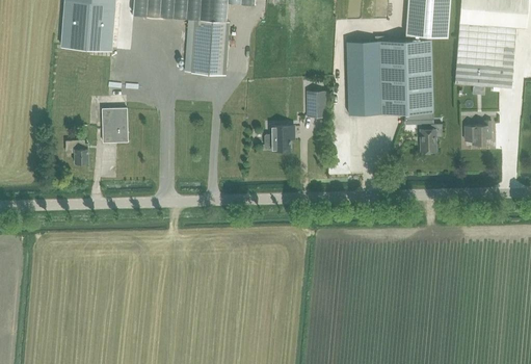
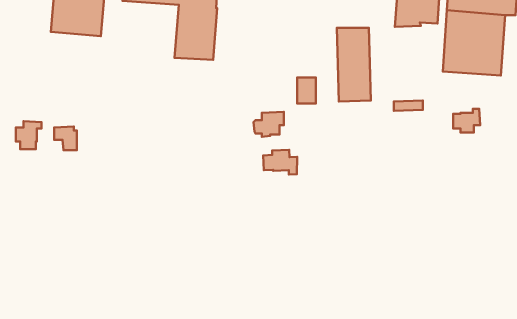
building: [379,38,433,113] -> none
building: [102,107,128,141] -> none
building: [421,124,443,151] -> none
building: none -> [16,121,41,149]
building: none -> [263,150,297,174]

